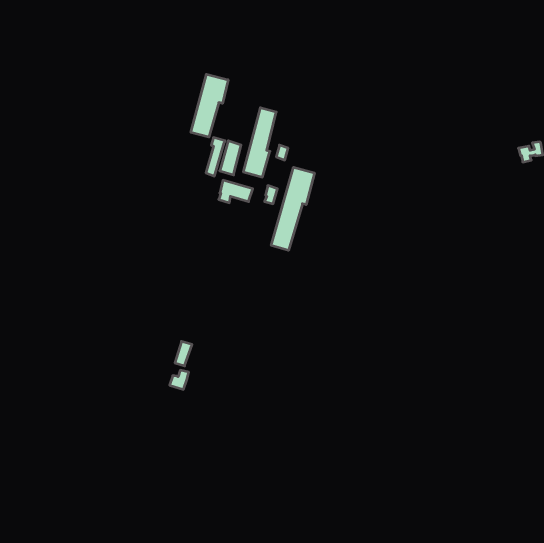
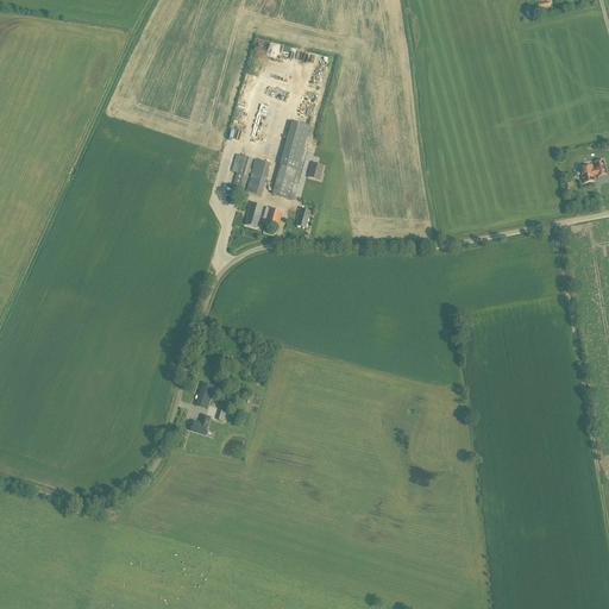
building: [191,74,228,137] -> none
building: [271,167,314,250] -> none

